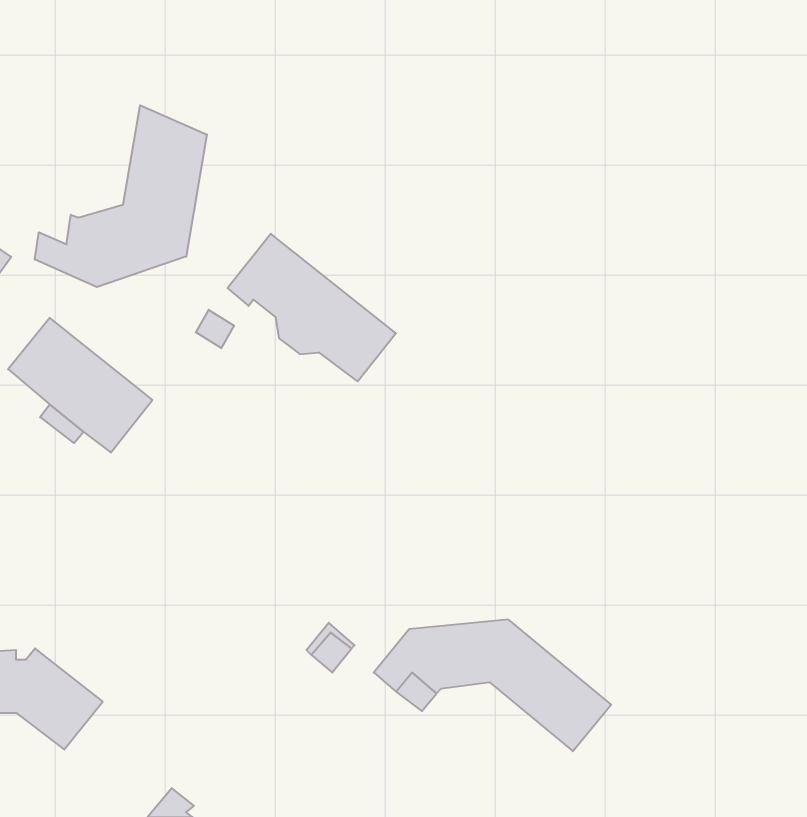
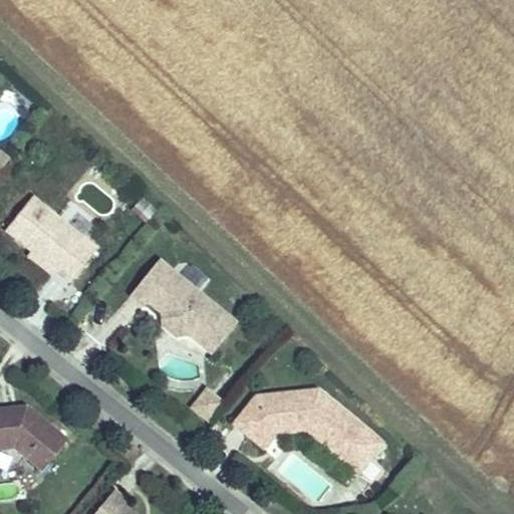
building: [35,105,207,287] -> none
building: [228,234,396,381] -> [133,259,238,351]

